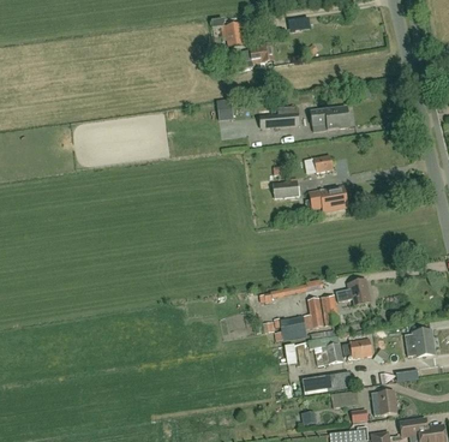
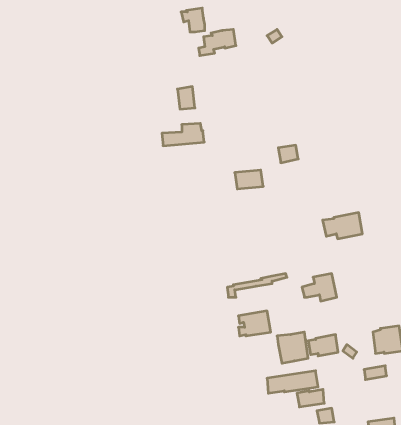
building: [258,106,299,127] -> [162,123,204,146]
building: [310,107,348,129] -> none
building: [309,185,347,210] -> [323,213,362,239]
building: [310,294,339,325] -> none
building: [371,389,396,416] -> none

